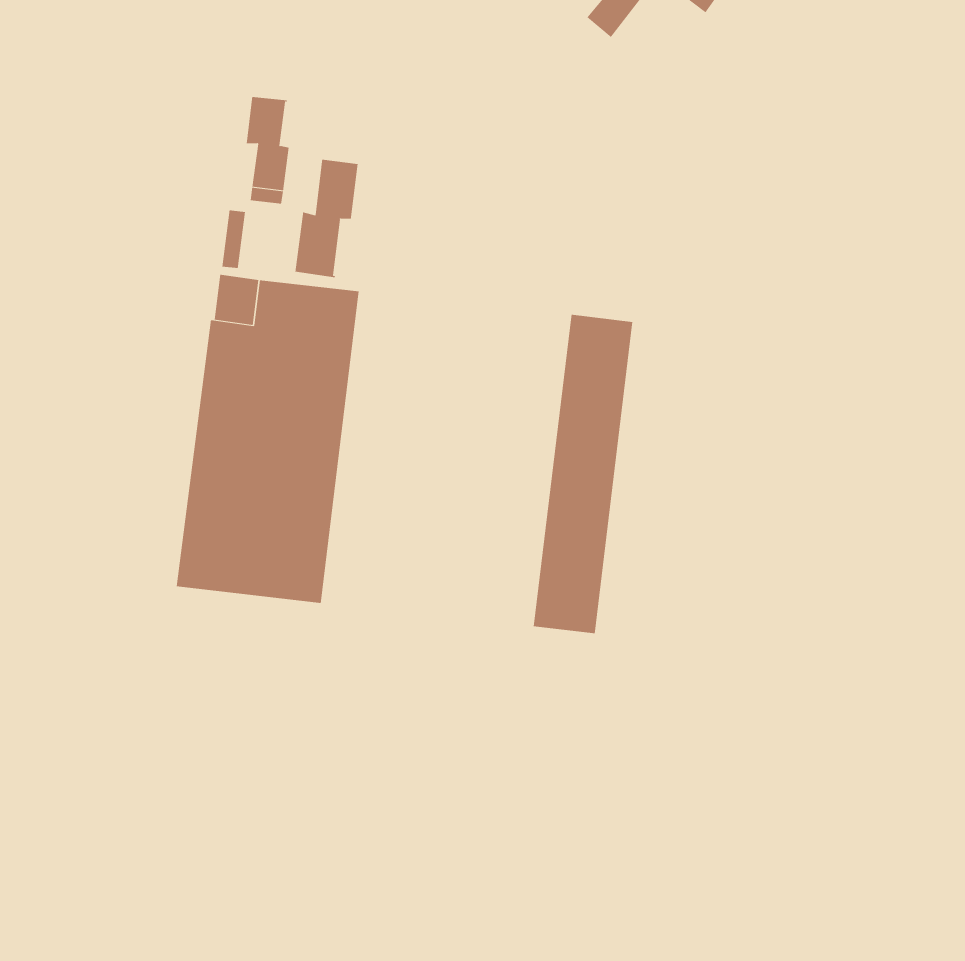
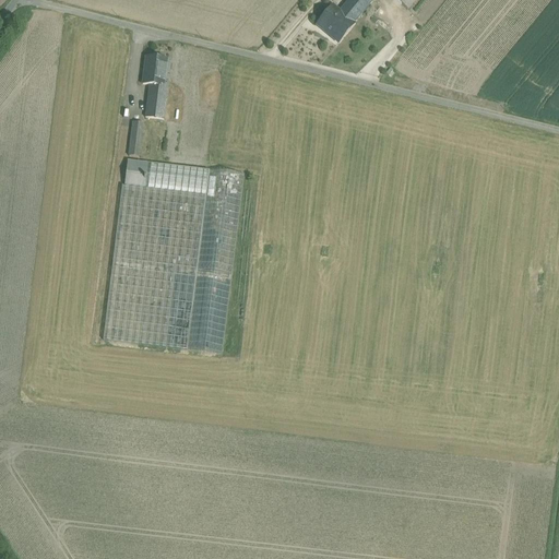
building: none -> [316,4,354,41]
building: [295,159,358,278] -> none
building: [533,314,633,634] -> [186,168,243,353]

